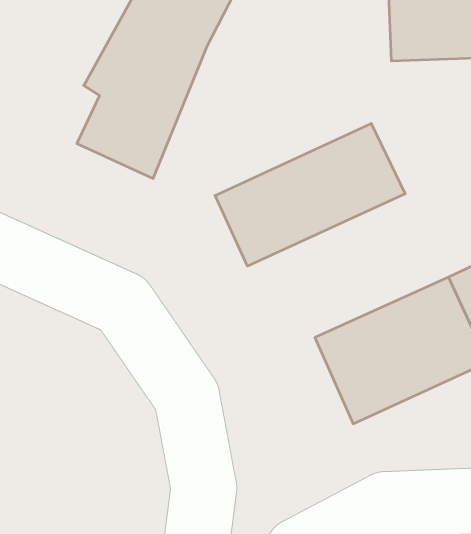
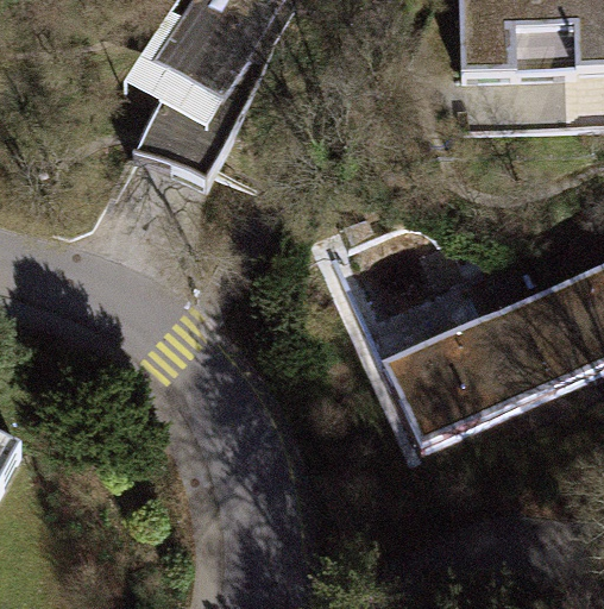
building: [215,123,405,266] -> none

